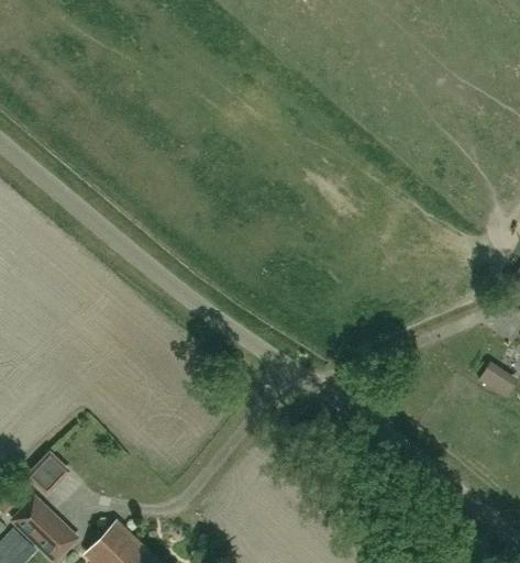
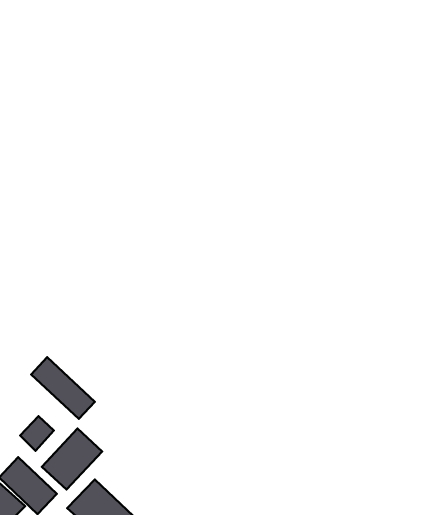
building: none -> [31,357,95,419]
building: none -> [42,429,102,490]

